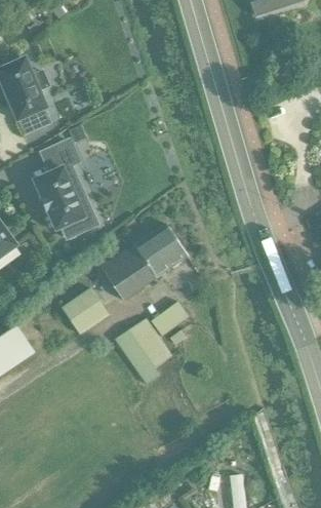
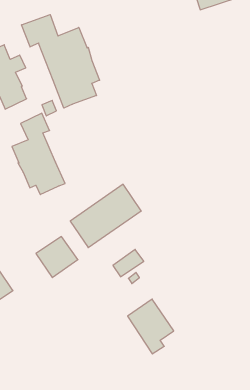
building: none -> [22,15,100,108]
building: [117,319,172,385] -> [128,299,174,354]

